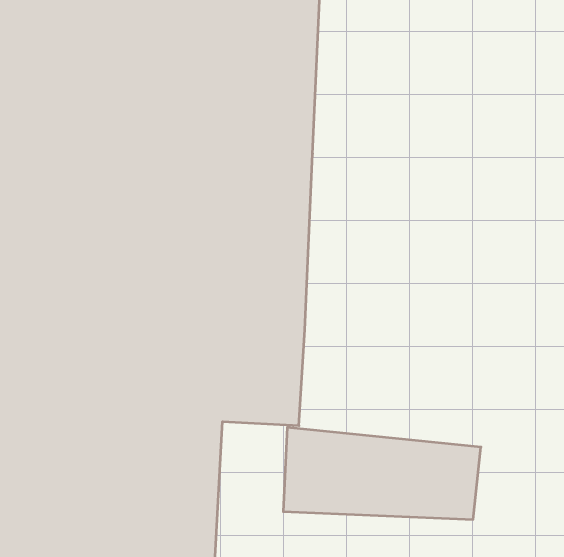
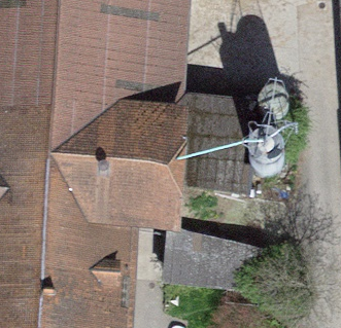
building: none -> [172,96,249,194]

